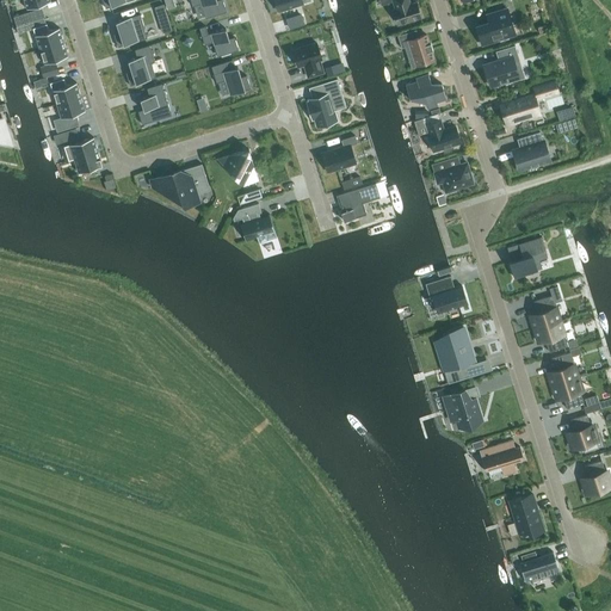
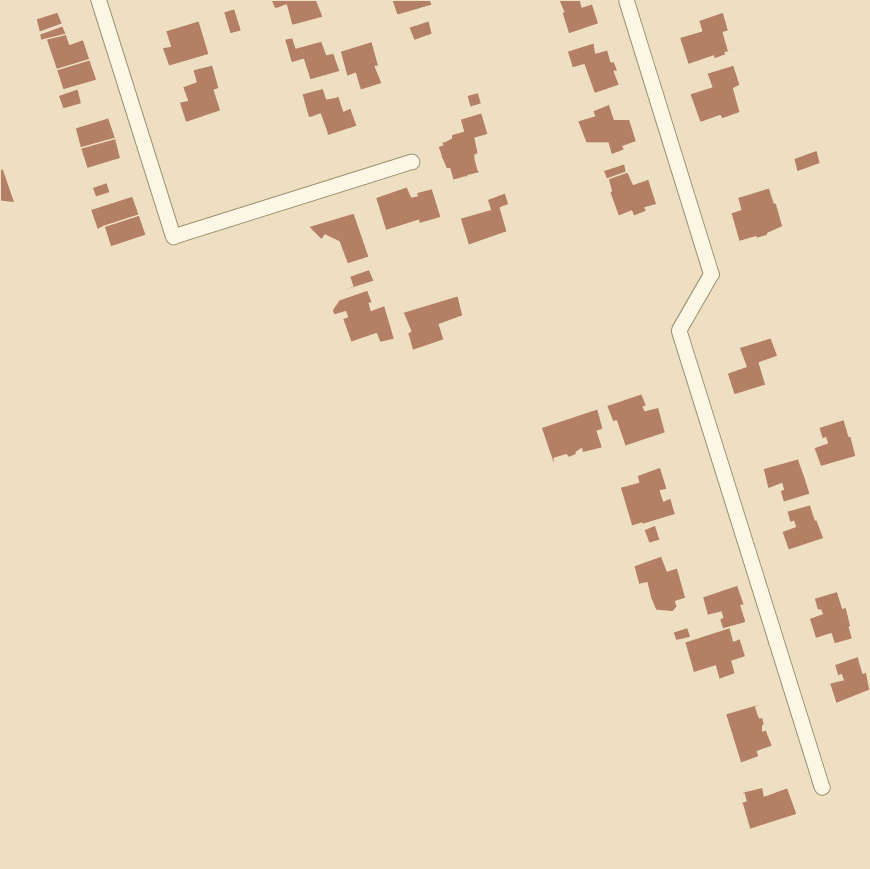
building: [294,43,323,78] -> [340,41,382,90]
building: [501,81,557,129] -> none
building: [138,85,172,125] -> none
building: none -> [375,186,442,231]
building: [431,160,473,195] -> none
building: [152,165,210,205] -> none
building: [337,184,379,222] -> [402,296,463,350]
building: none -> [541,408,604,464]
building: [530,296,560,329] -> [814,419,856,467]
building: [553,378,584,409] -> [702,585,746,629]

